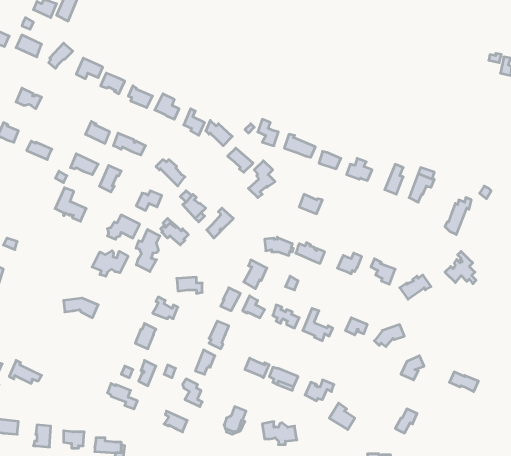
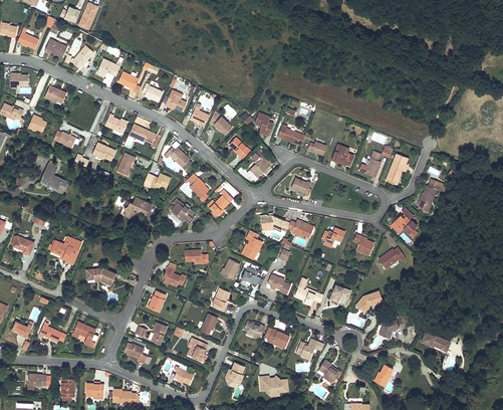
building: [55,188,86,221] -> [40,163,67,192]
building: [136,229,160,272] -> none
building: [92,251,128,276] -> none
building: [445,251,476,284] -> [390,207,417,235]
building: none -> [47,238,80,263]
building: none -> [71,321,98,347]

